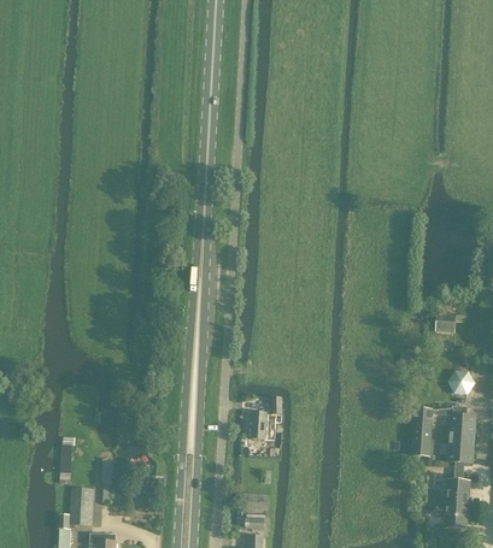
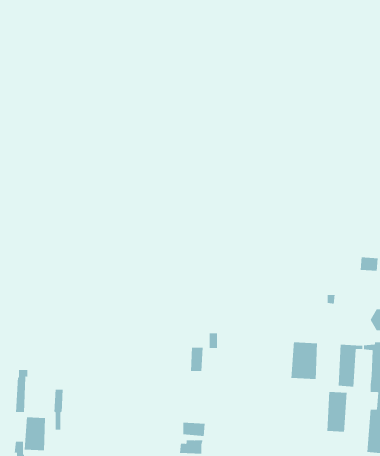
building: none -> [291,342,318,380]
building: none -> [327,391,347,432]

